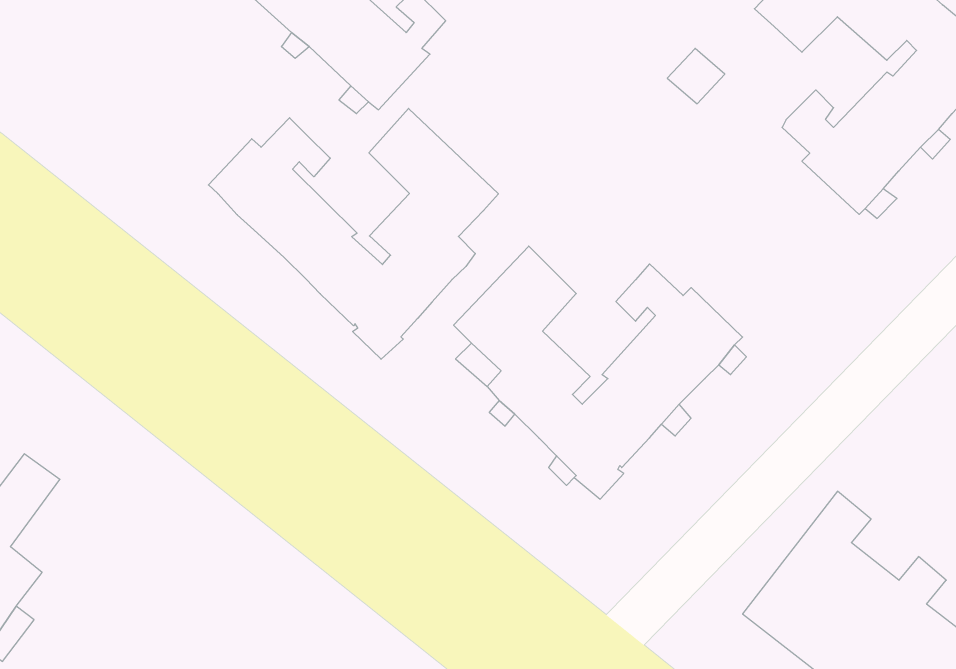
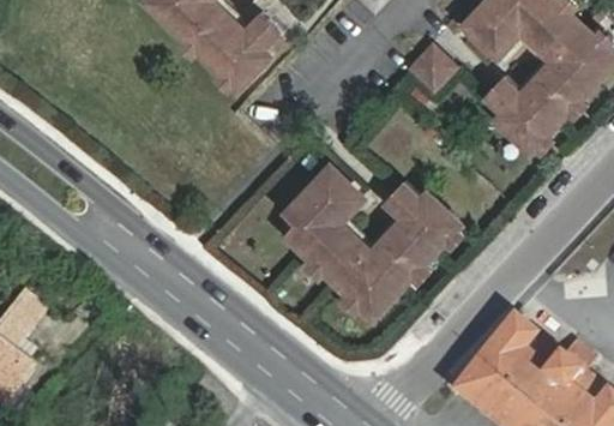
building: [208,108,498,359] -> none

